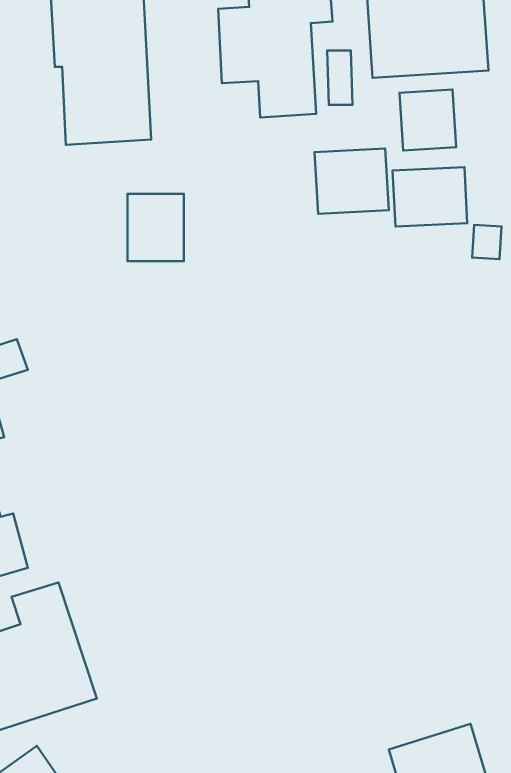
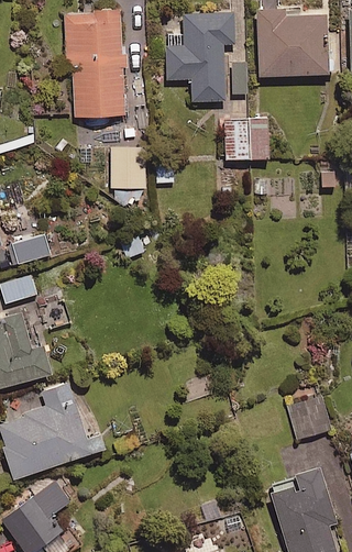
building: [399,90,456,150] -> none
building: [393,167,467,227] -> none
building: none -> [287,395,331,439]

